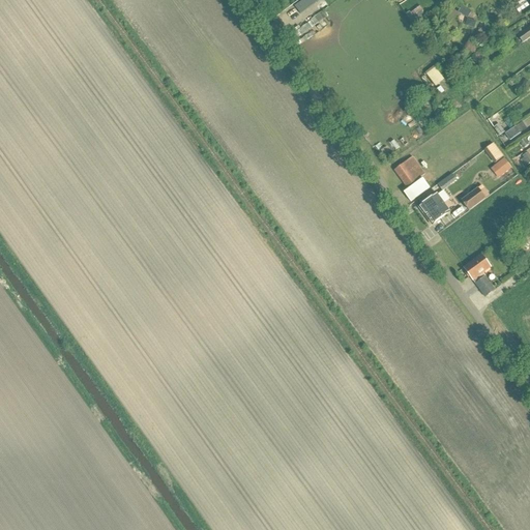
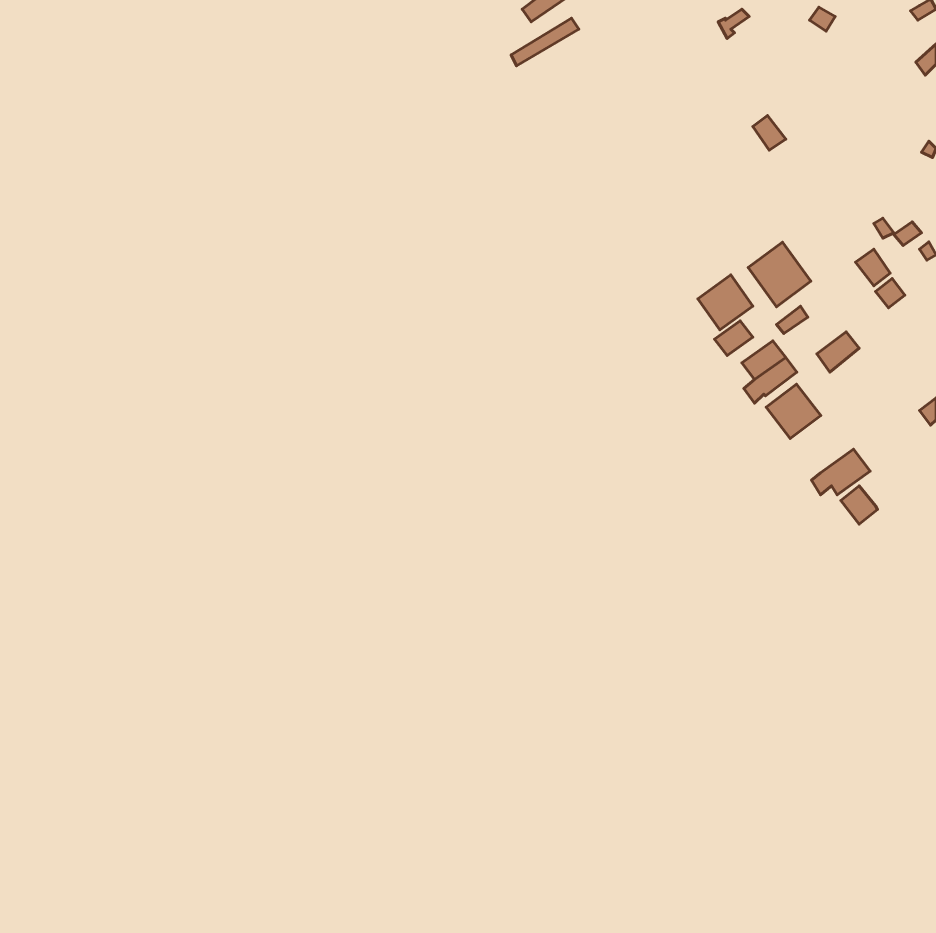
building: none -> [748,242,811,307]
building: none -> [766,384,821,439]

